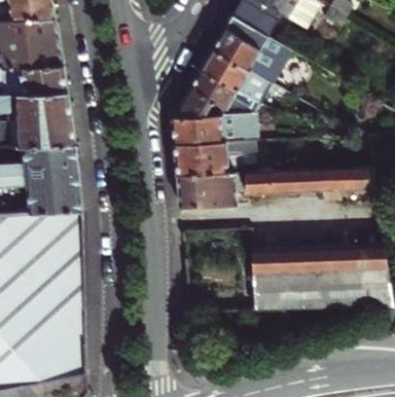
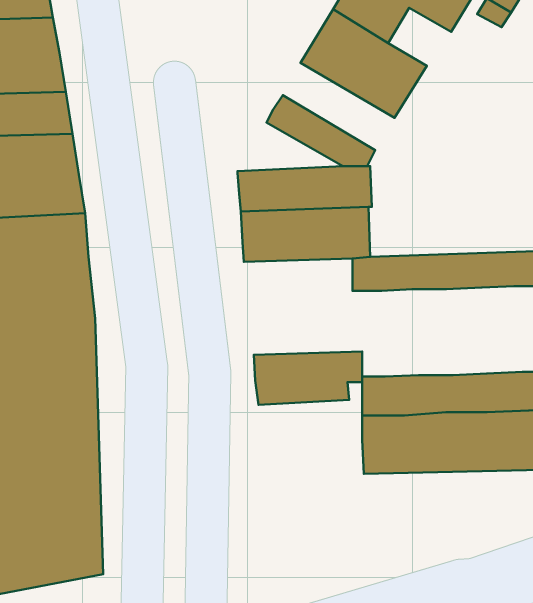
building: [202,48,273,104] -> none
building: [173,86,240,117] -> none
building: [177,173,246,207] -> [254,351,362,405]

